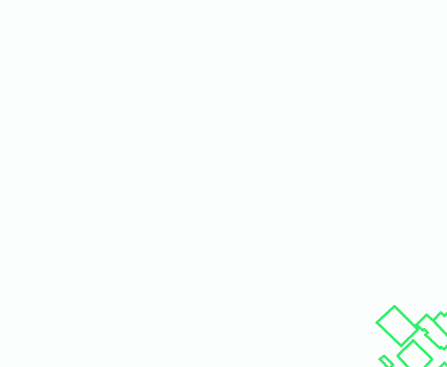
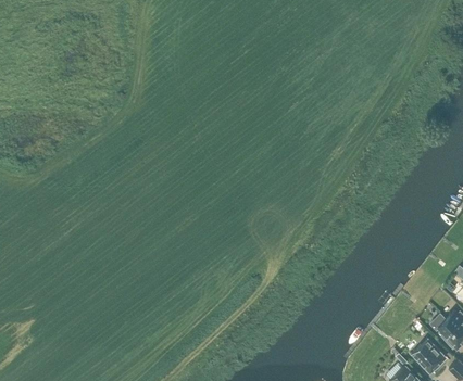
building: [377,306,418,346] -> none

